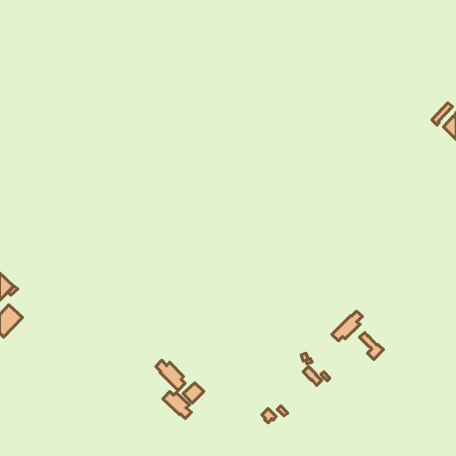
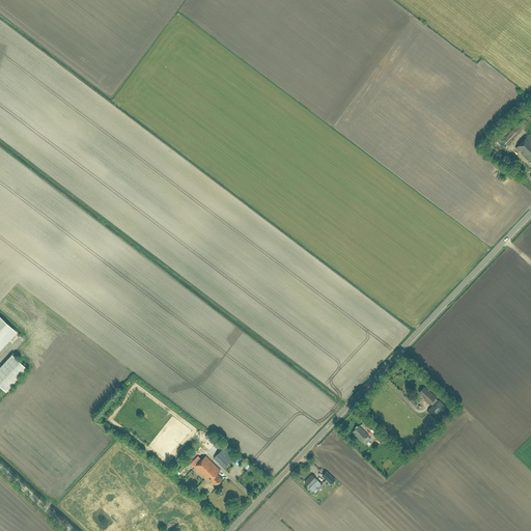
building: [332,311,363,341] -> none
building: [156,360,185,391] -> none

